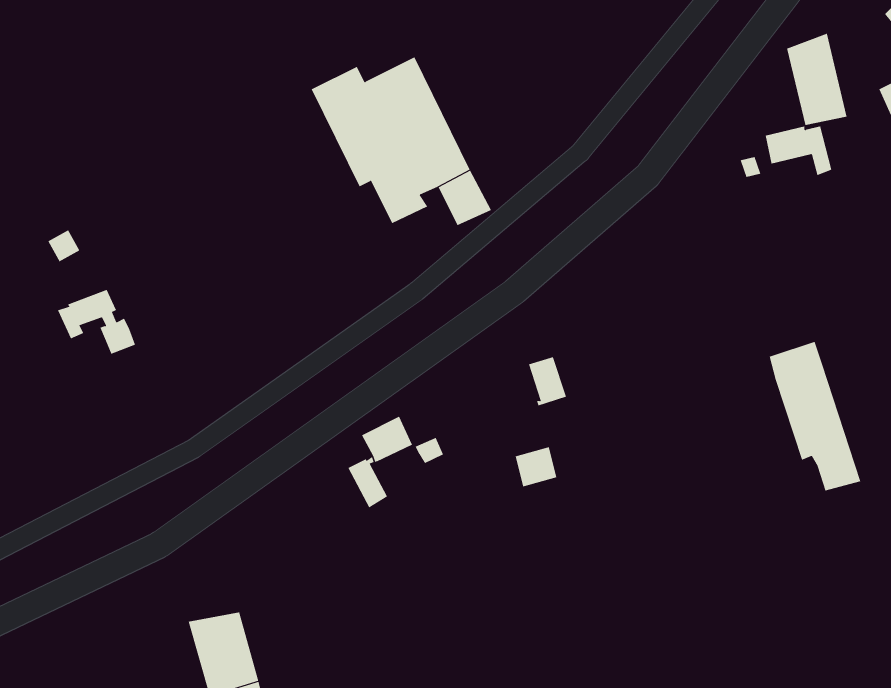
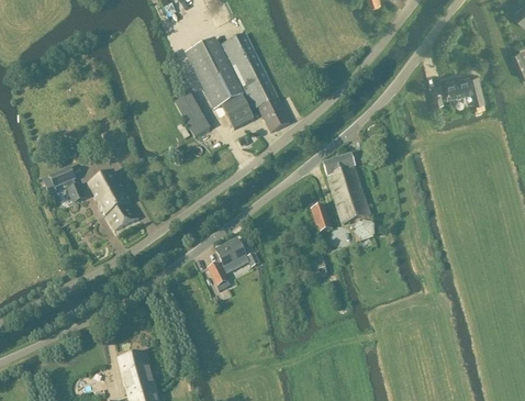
building: [787,33,847,126] -> none
building: none -> [174,93,209,136]
building: none -> [88,169,137,230]
building: [769,341,861,491] -> [323,155,376,241]

